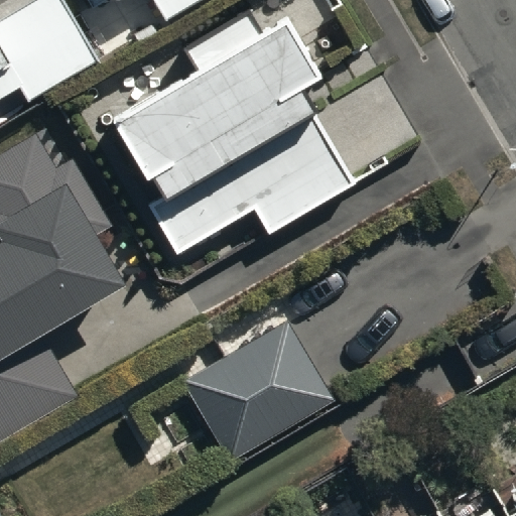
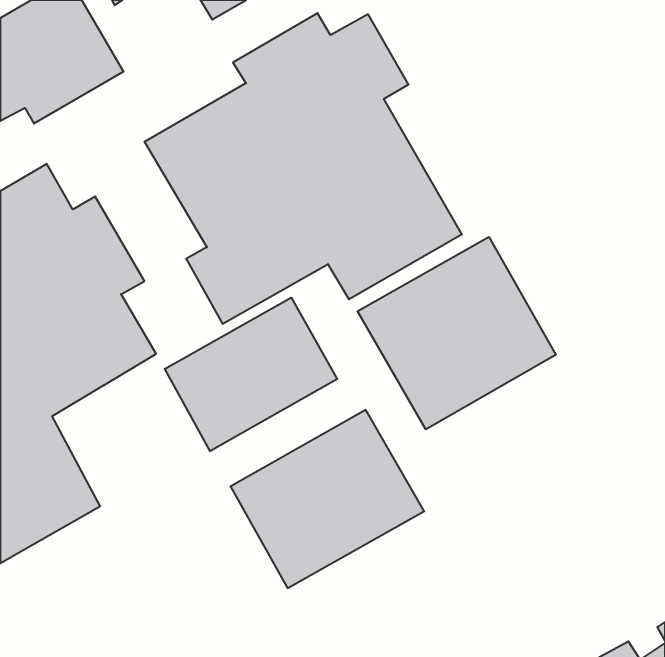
building: none -> [358,237,556,429]
building: none -> [165,298,337,451]

